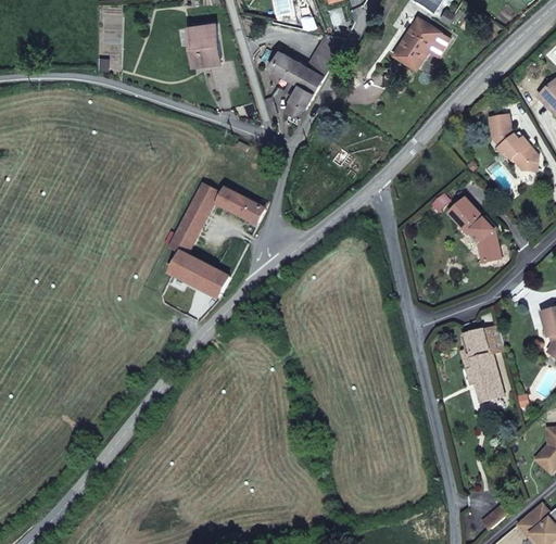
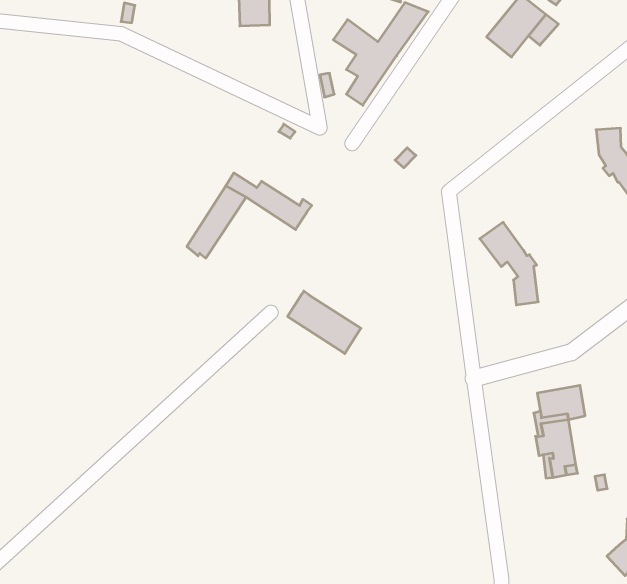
building: [447,198,500,263] -> [480,222,538,305]
building: [170,251,230,298] -> [288,291,361,354]

